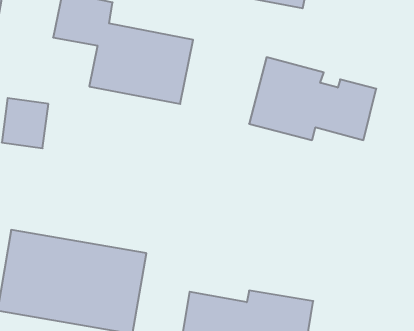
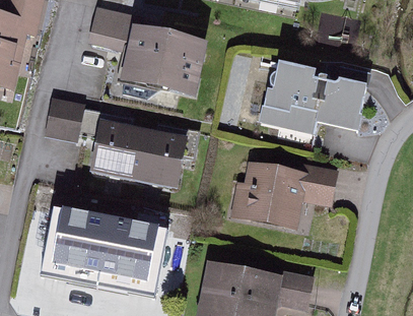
building: none -> [89,121,188,188]
building: none -> [228,153,339,230]

